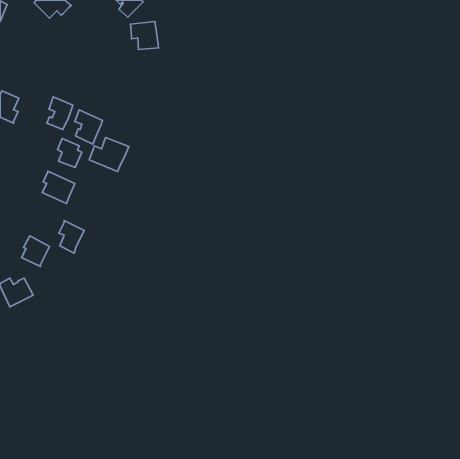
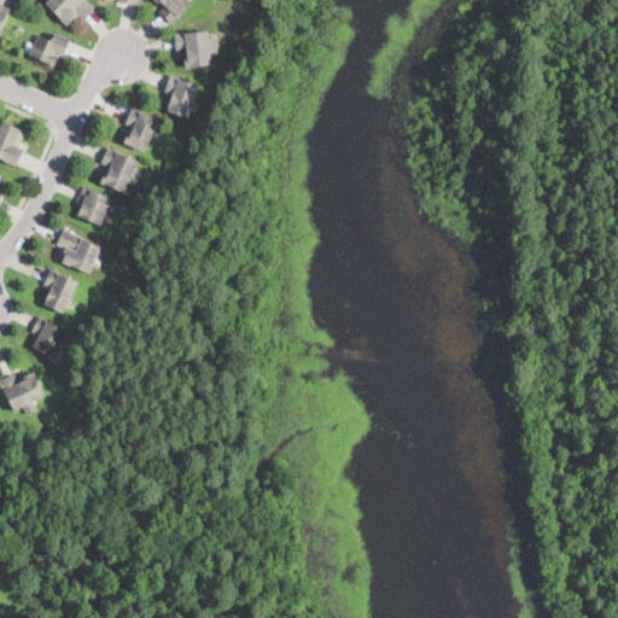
building: none -> [29,34,70,66]
building: none -> [165,76,198,118]
building: [47,97,73,129] -> [123,109,158,152]
building: [89,137,129,172] -> none
building: [59,221,84,253] -> [43,270,77,314]

